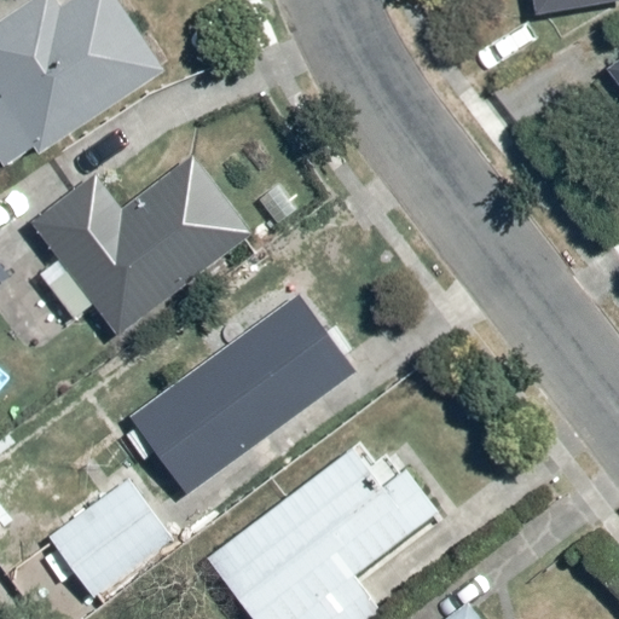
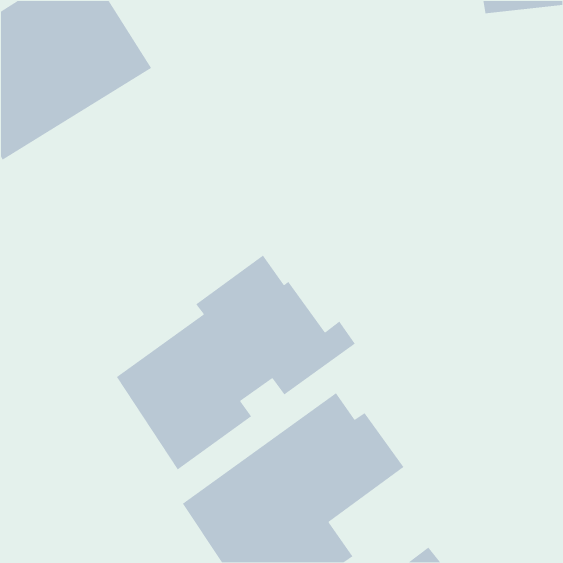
building: [30,147,249,336] -> none
building: [46,470,183,604] -> none

